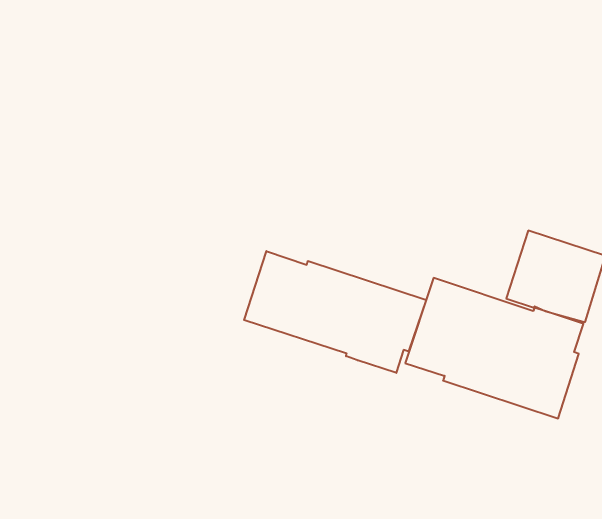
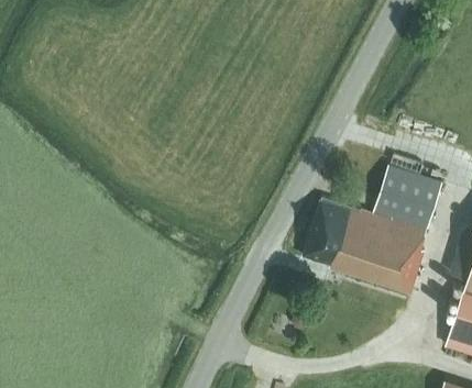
building: [244,251,426,373] -> none

